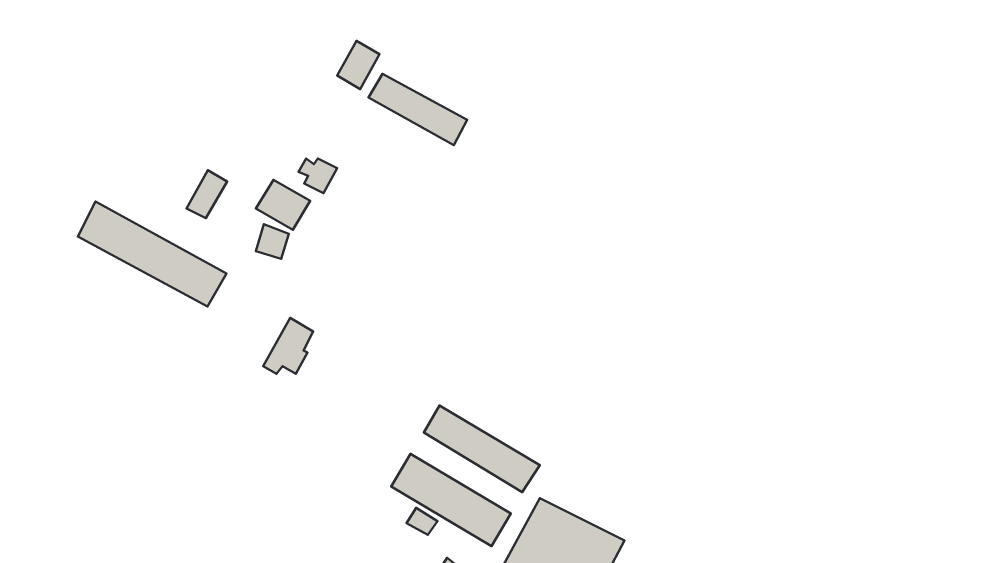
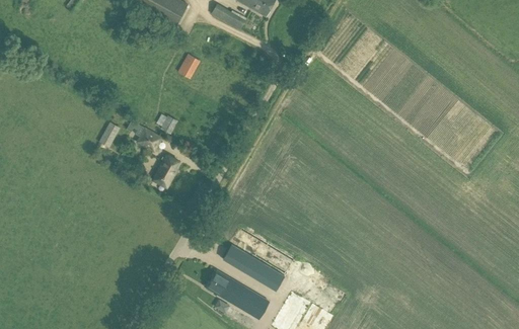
building: [369,74,467,145] -> none
building: [78,202,226,306] -> none
building: [263,318,313,374] -> [152,154,178,183]

